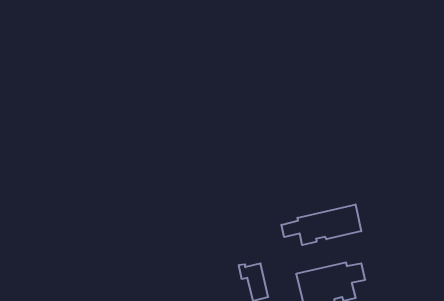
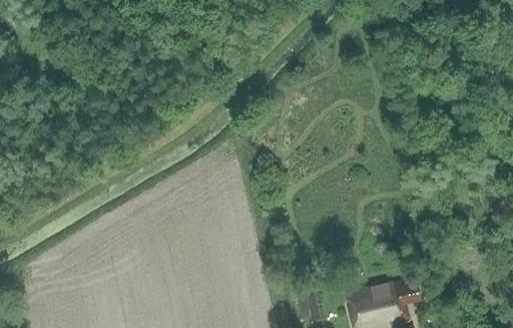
building: [281,204,361,245] -> none

